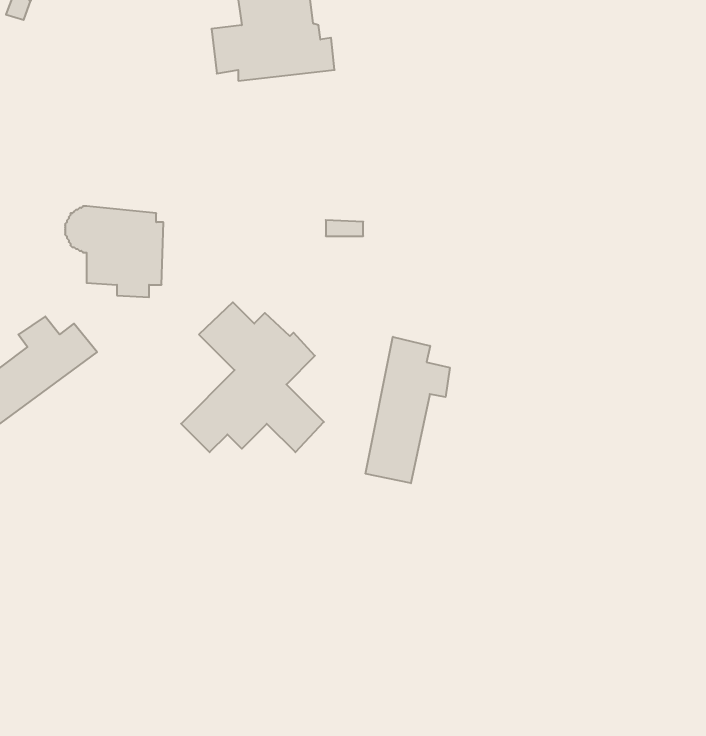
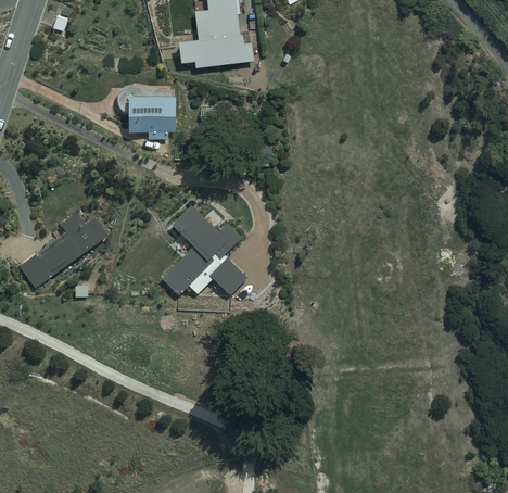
building: [65,206,163,297] -> [117,83,177,138]
building: [366,337,450,483] -> none

